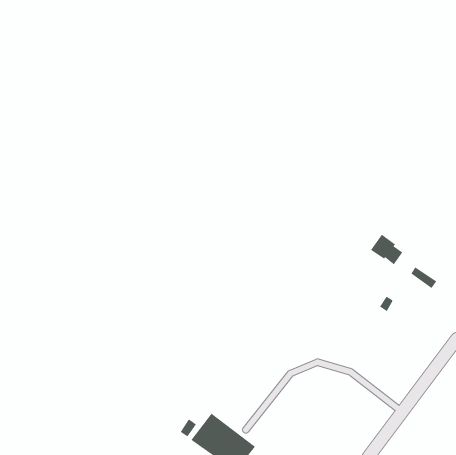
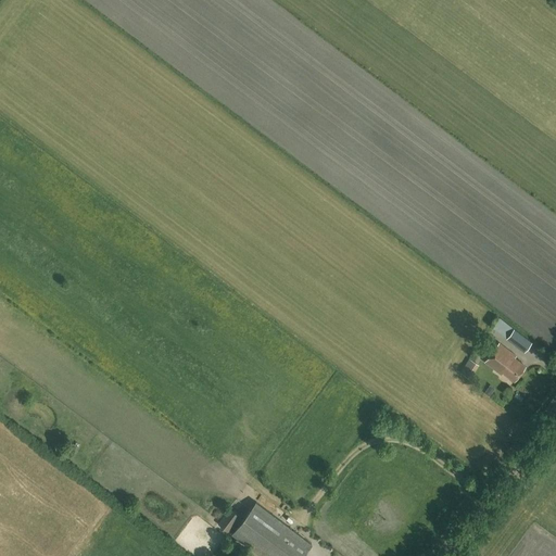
building: [370,234,403,265] -> [485,345,526,383]

